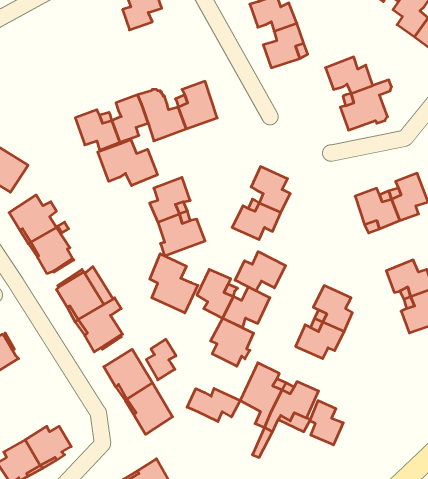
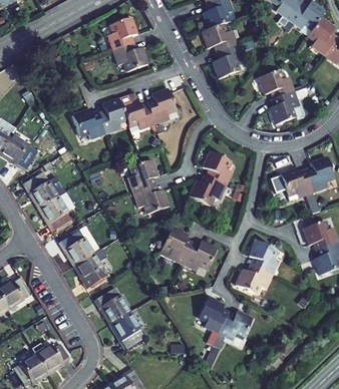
building: none -> [112,44,147,71]
building: [98,140,157,186] -> none
building: [235,252,286,291] -> none
building: [150,254,198,313] -> none
building: [211,318,254,366] -> none
building: [146,339,176,380] -> none
building: [187,388,240,422] -> none
building: [310,401,343,445] -> none

